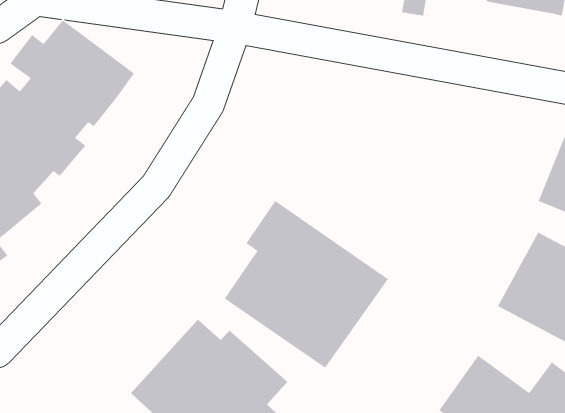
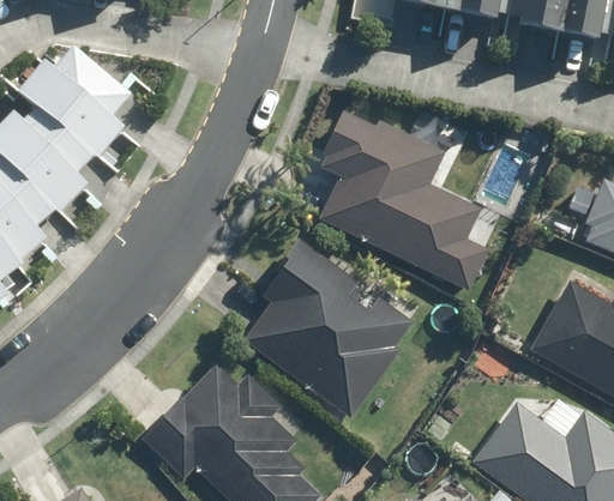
building: none -> [317,99,502,290]

